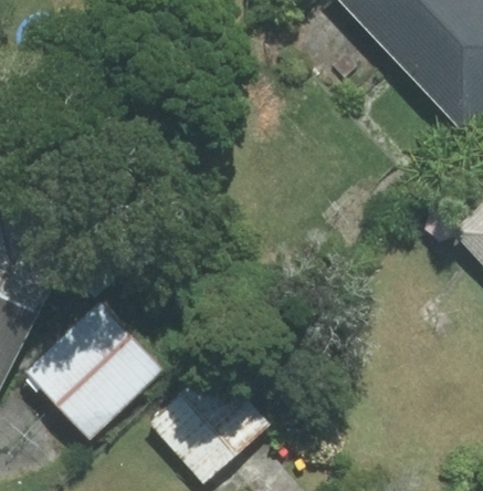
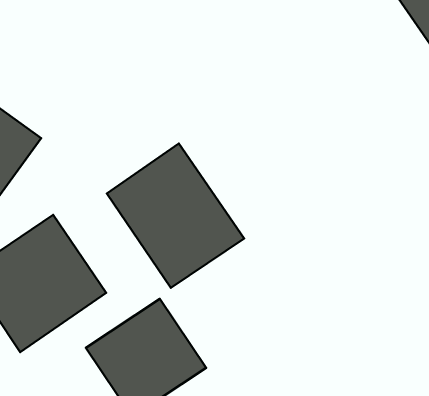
building: none -> [107,144,244,288]

